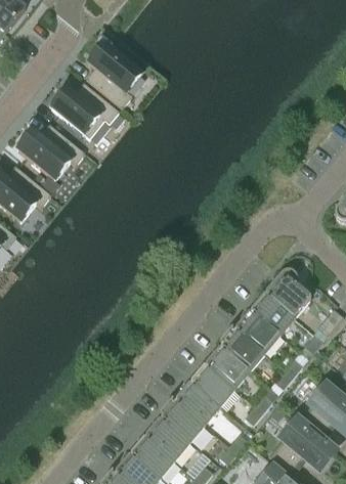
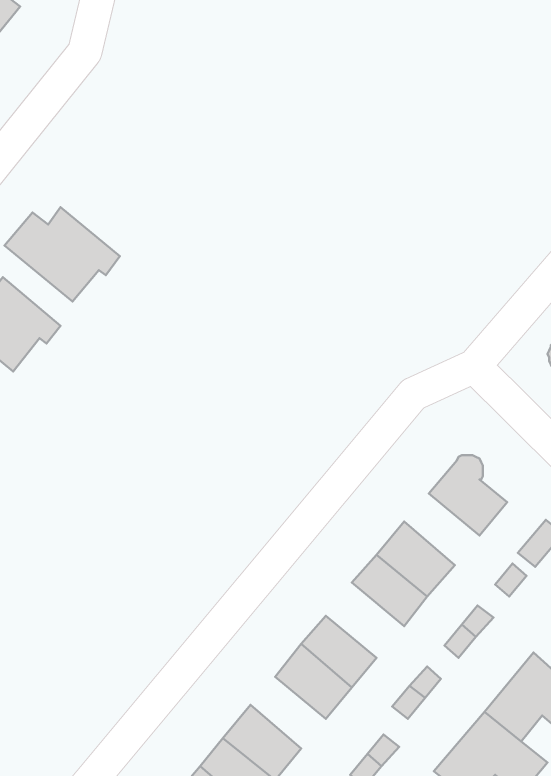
building: [87,41,143,107] -> none
building: [50,84,119,138] -> none
building: [251,293,295,335] -> none
building: [205,345,251,389] -> none
building: [161,400,205,442] -> none

